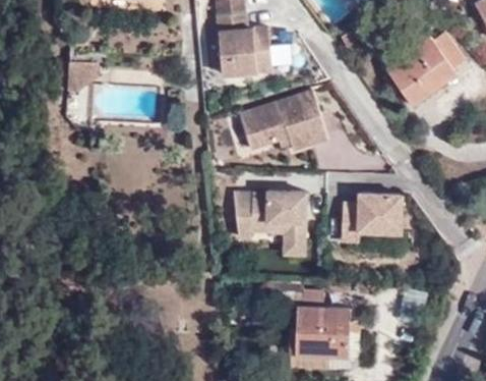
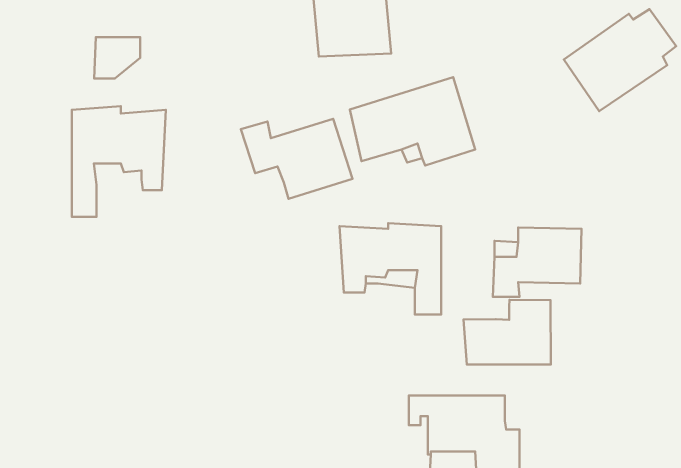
building: none -> [72,106,166,217]
building: none -> [241,119,352,199]
building: none -> [463,300,551,364]

